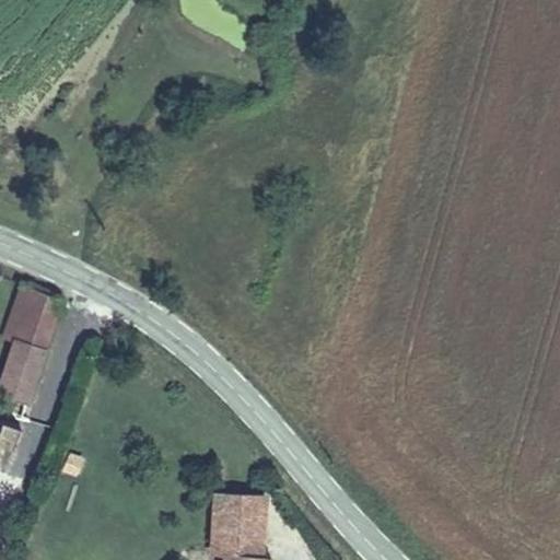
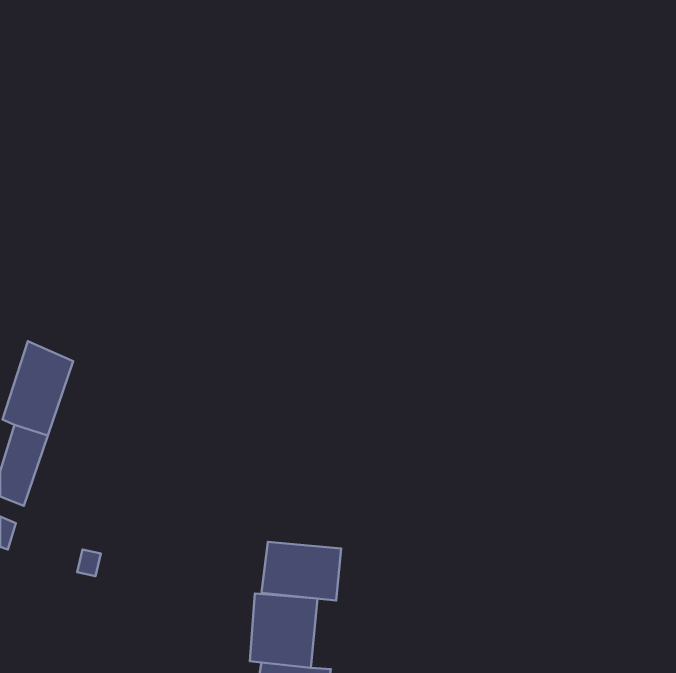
building: none -> [261,542,341,601]

